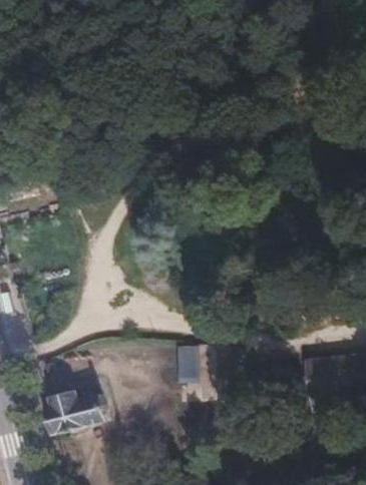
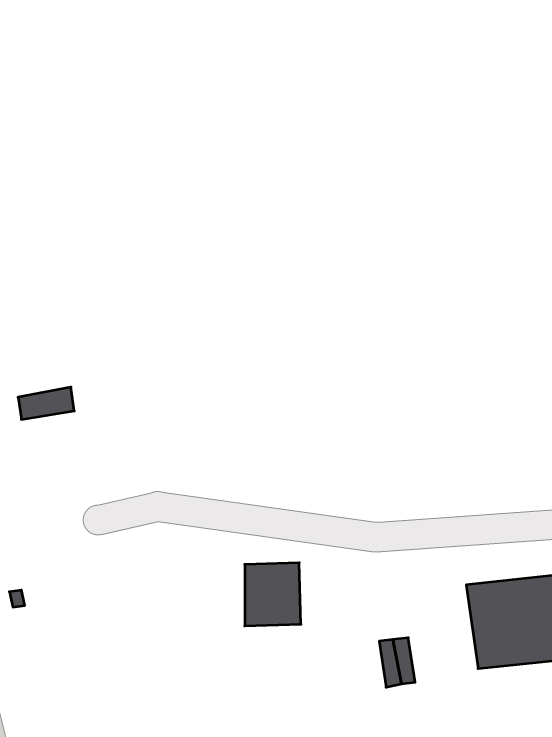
building: [42,388,103,436] -> none

